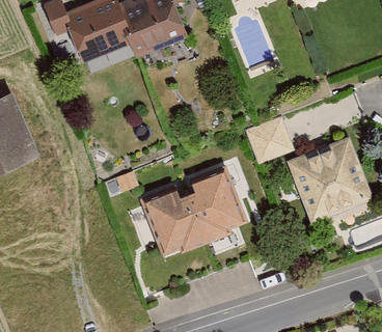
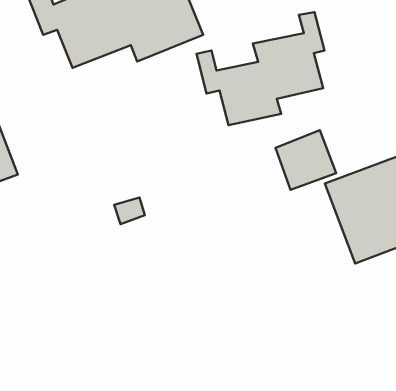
building: none -> [196,12,325,125]
building: [143,169,246,256] -> none

